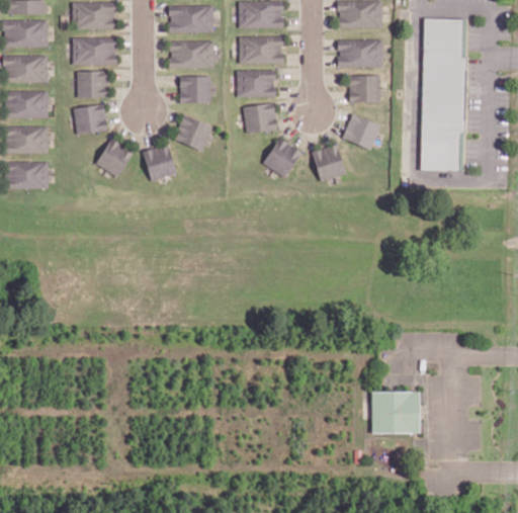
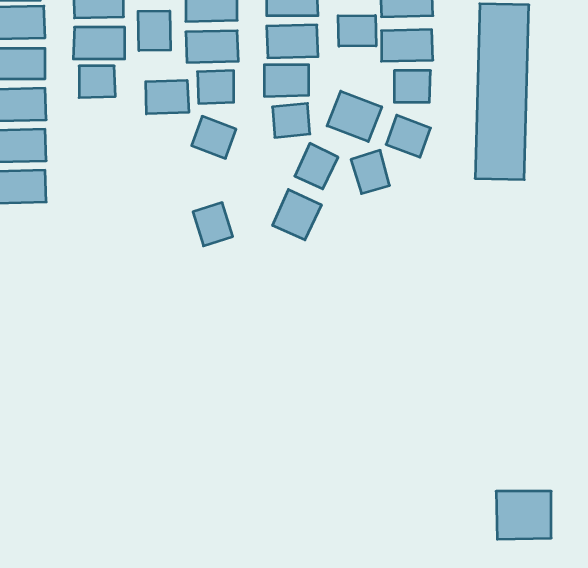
building: none -> [138,11,171,51]
building: none -> [338,15,376,46]
building: none -> [146,80,189,114]
building: none -> [327,91,382,142]
building: [73,103,107,135] -> none
building: [95,139,133,177] -> none
building: [143,144,177,181] -> [193,203,233,246]
building: none -> [273,189,321,240]
building: [371,392,419,433] -> [496,491,551,539]

